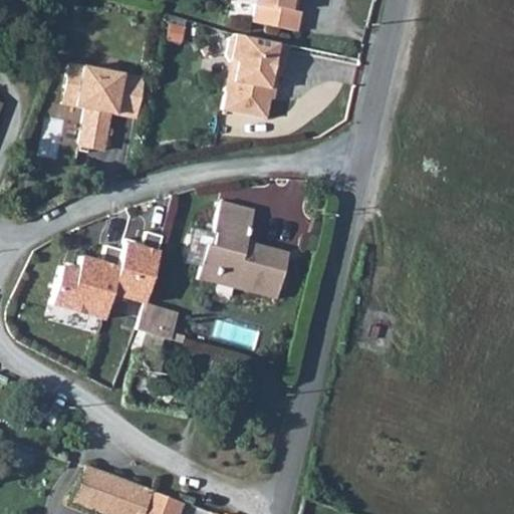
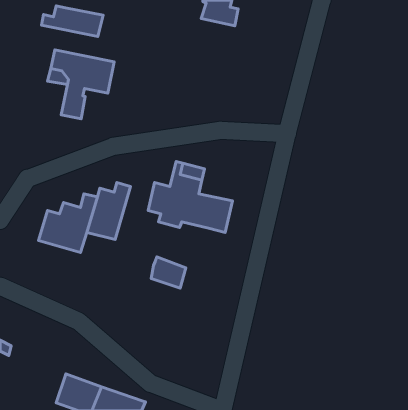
building: none -> [41,6,103,36]
building: [219,32,290,118] -> none
building: [141,300,184,339] -> [151,257,186,288]

